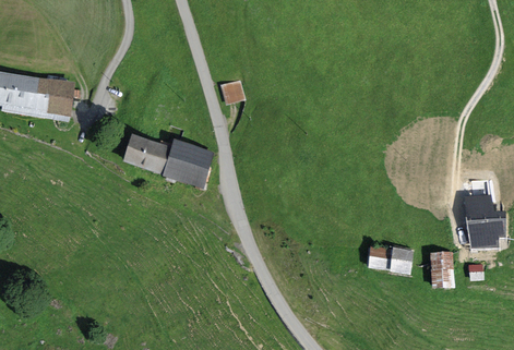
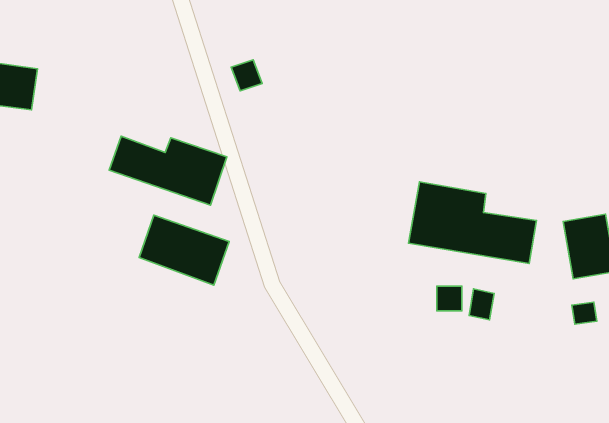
building: none -> [409,182,536,263]
building: none -> [139,215,229,285]
building: [431,251,454,283] -> none

